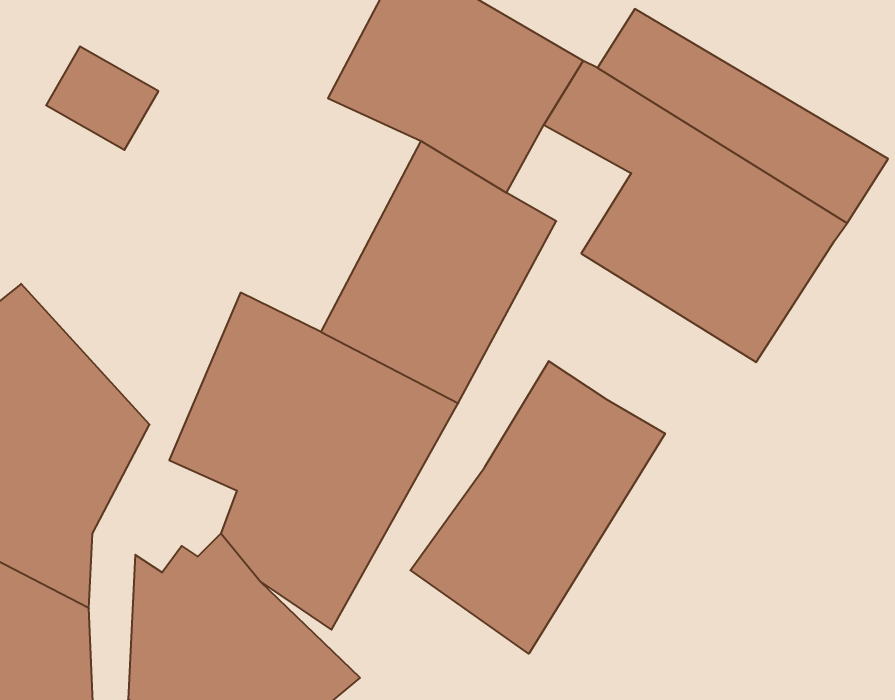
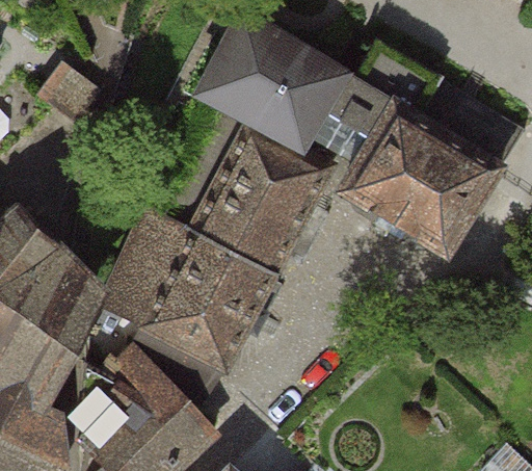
building: [410,361,665,654] -> none

